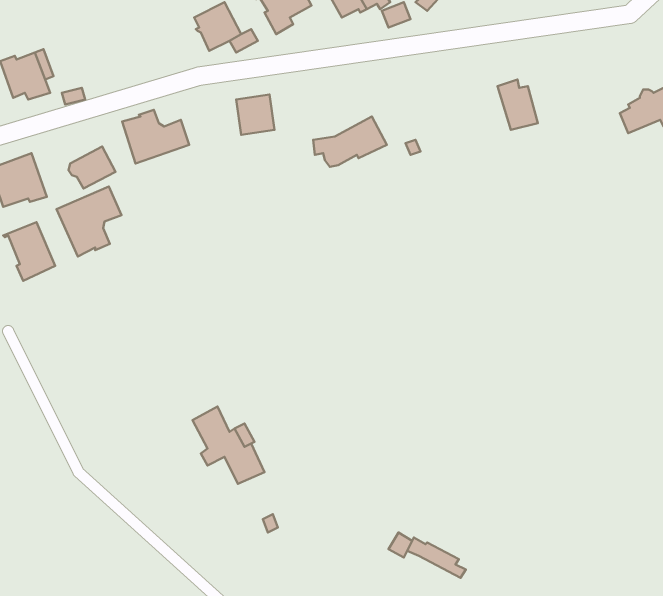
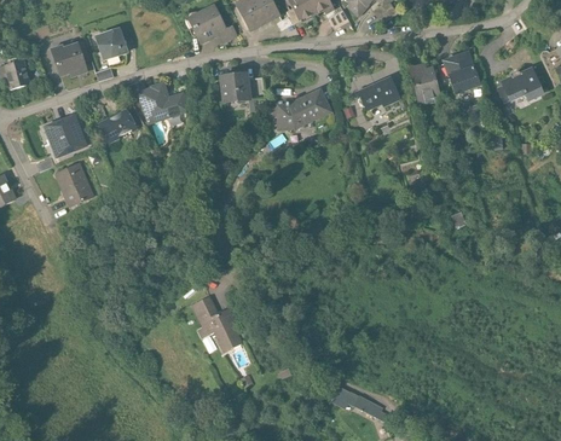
building: none -> [96,29,127,59]
building: none -> [446,48,480,88]
building: none -> [359,74,399,105]
building: [56,187,122,256] -> none

